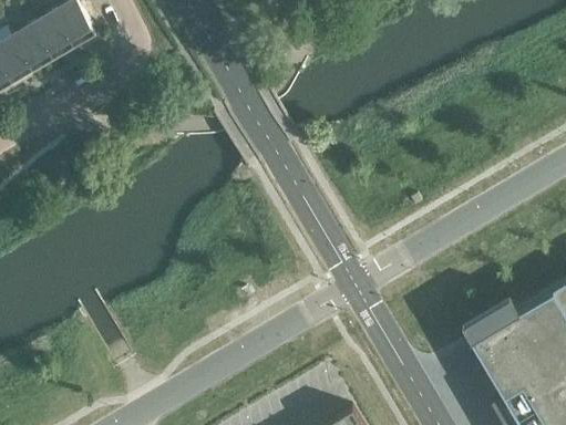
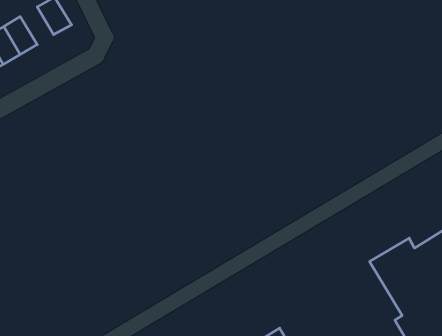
building: [33,11,74,58] -> none

